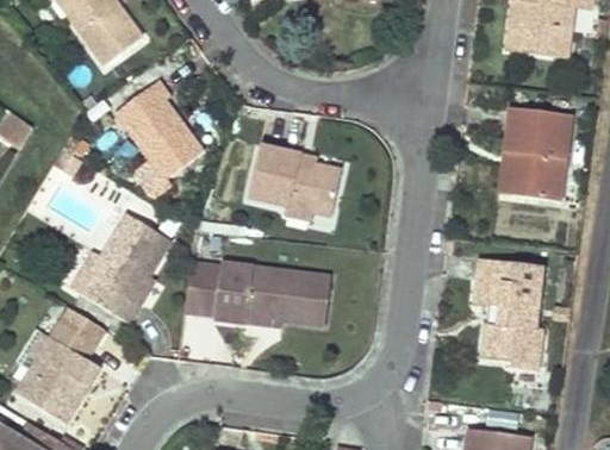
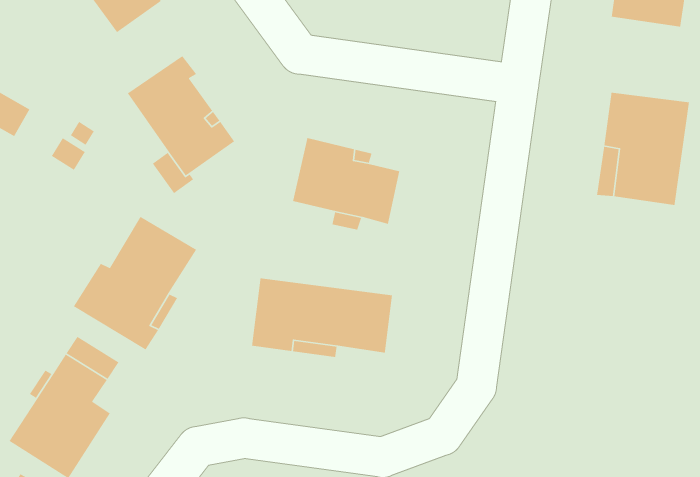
building: [183,257,222,317] -> none
building: [473,263,540,370] -> none

